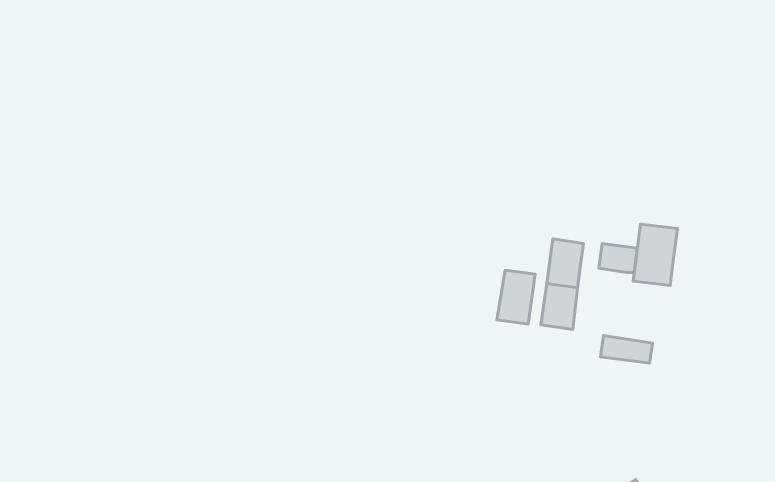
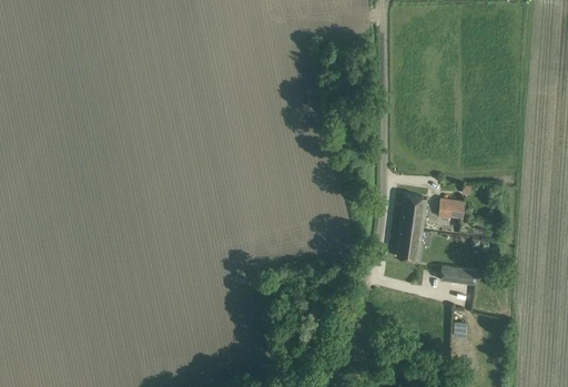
building: [633,224,678,286] -> none
building: [497,270,535,324] -> none

